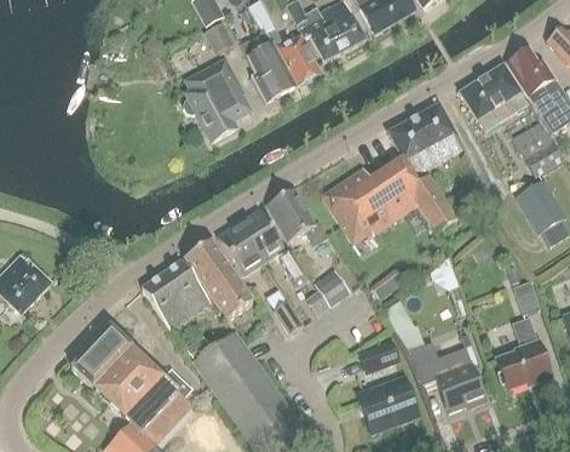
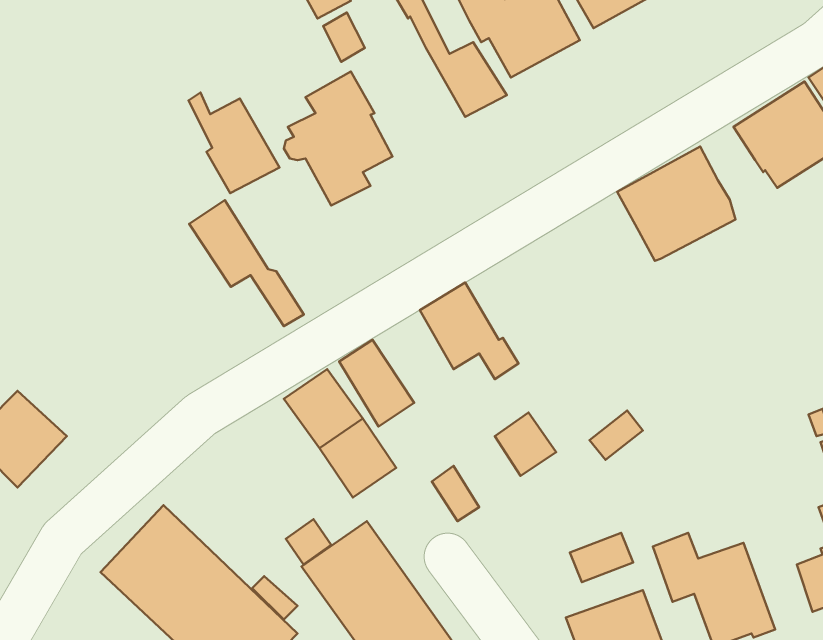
building: [240,39,295,101] -> [189,93,279,193]
building: [322,155,457,241] -> none
building: [238,207,309,285] -> [189,200,304,326]
building: [142,259,211,327] -> none

